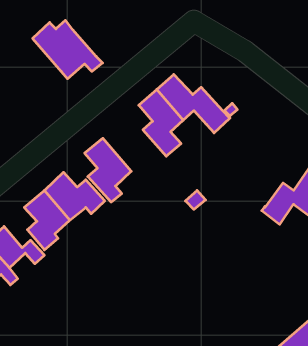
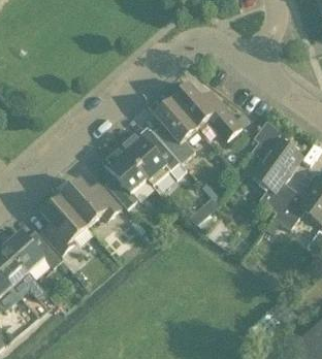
building: [33,20,103,79] -> [120,127,188,184]
building: none -> [251,119,304,211]

